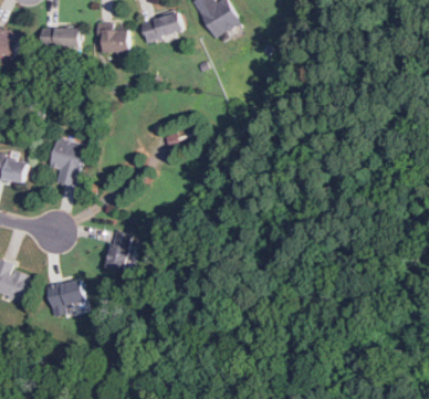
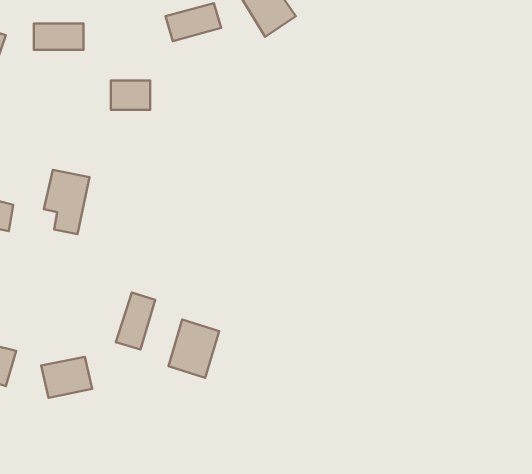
building: [98,29,128,51] -> [111,80,150,110]
building: none -> [168,319,219,378]

